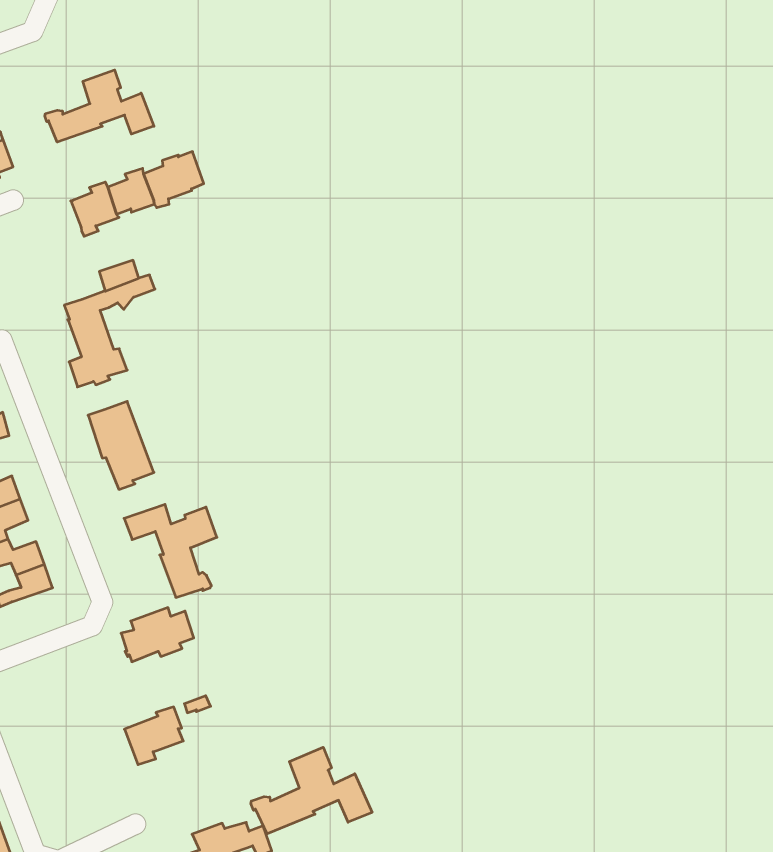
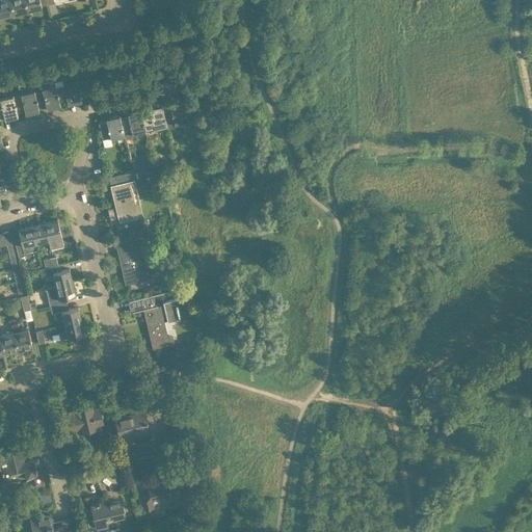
building: [45,70,154,142] -> none
building: none -> [99,116,124,140]
building: [121,608,194,662] -> [62,405,103,433]
building: [251,747,372,834] -> none

